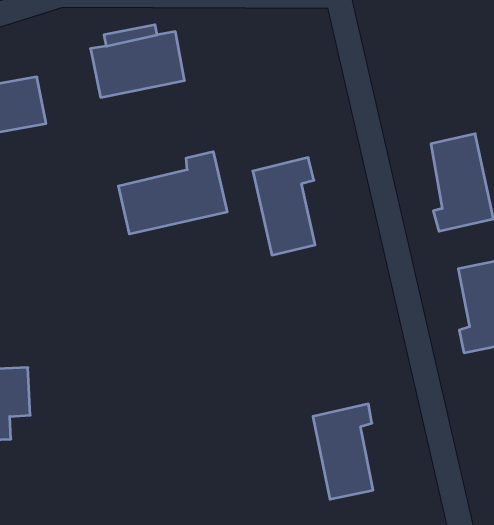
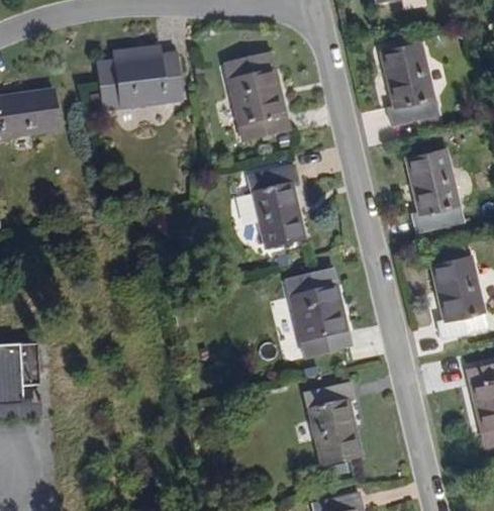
building: none -> [383,34,437,118]
building: none -> [225,52,290,143]
building: [118,152,227,234] -> none
building: none -> [284,270,347,357]

